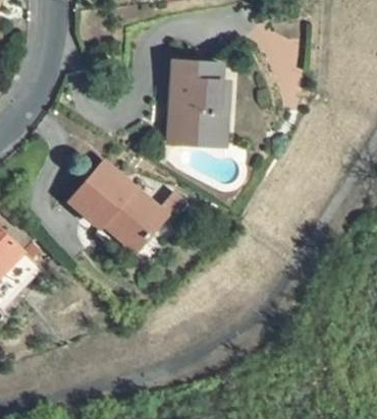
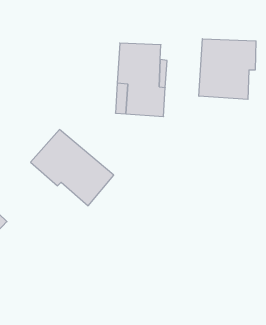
building: none -> [199,39,256,99]

